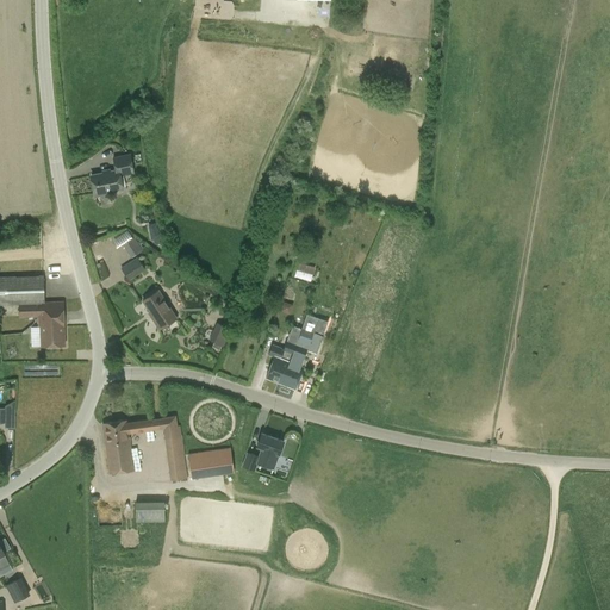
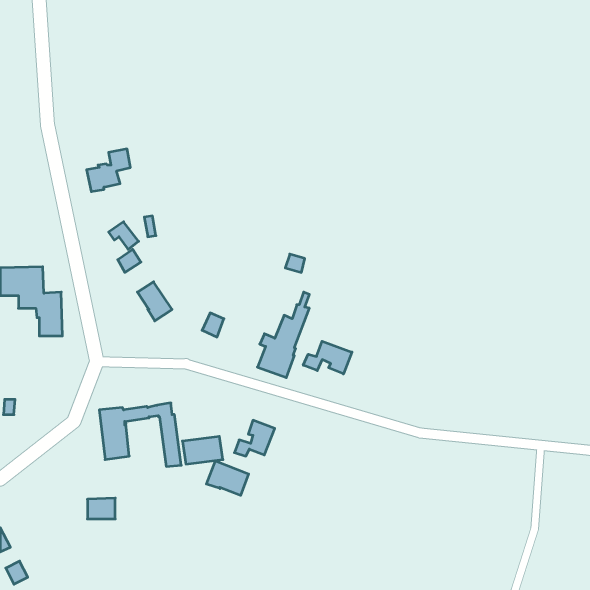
building: none -> [303,341,352,374]
building: none -> [206,461,249,495]
building: [136,502,164,523] -> [87,498,115,519]

